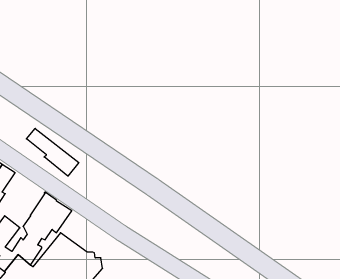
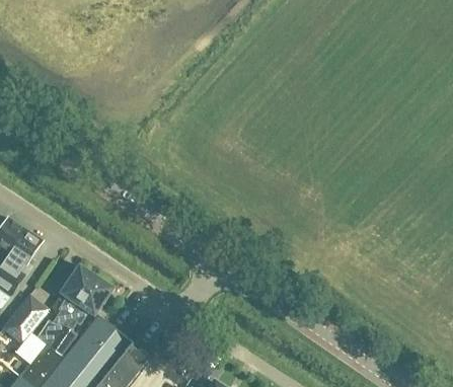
building: [26,128,79,176] -> none

